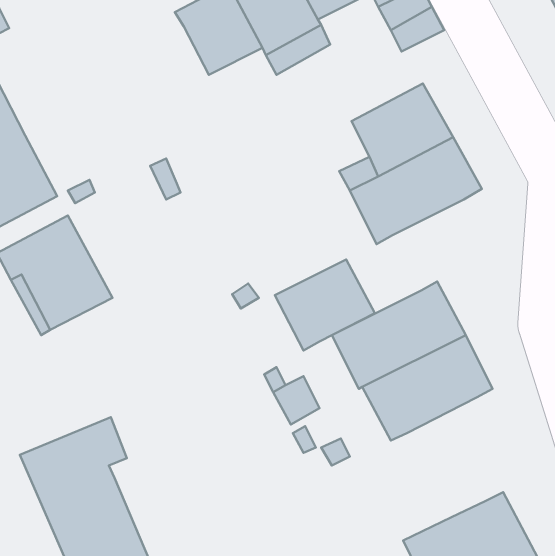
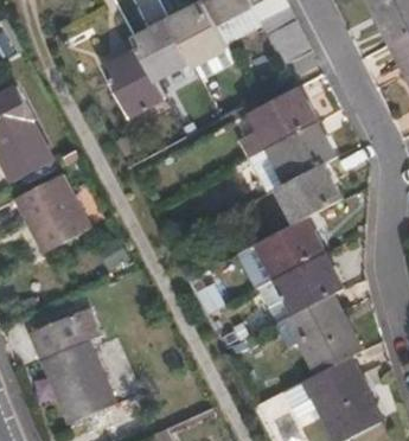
building: none -> [102,47,164,115]
building: [275,260,375,351] -> [276,162,343,223]
building: none -> [286,294,362,373]

